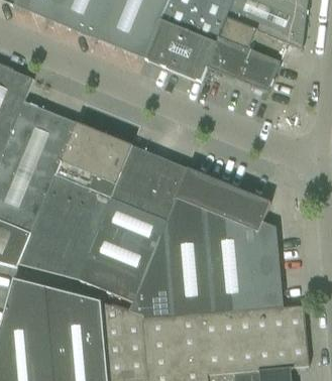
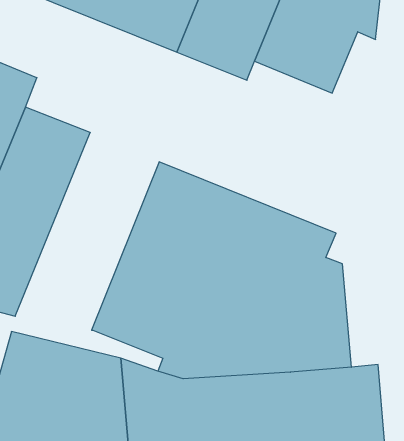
building: [15,122,129,278] -> none

